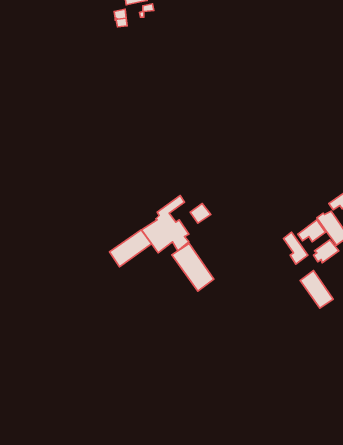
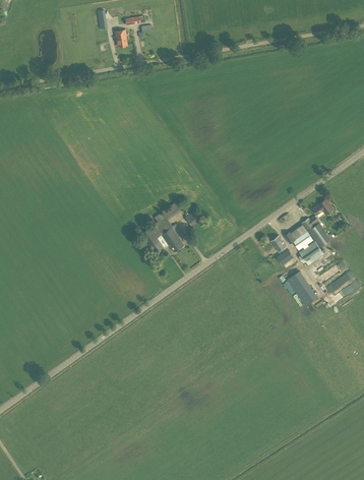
building: [110,230,152,267] -> none
building: [172,243,214,291] -> none

